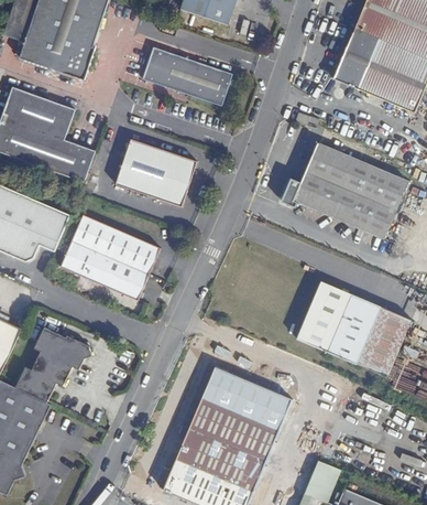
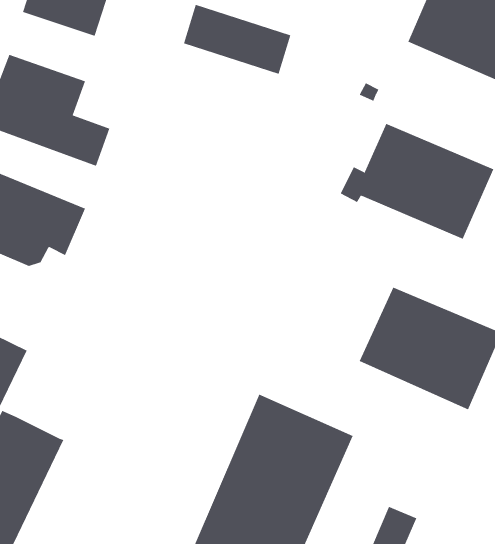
building: [114,135,195,203] -> none
building: [64,215,160,298] -> none
building: [15,326,94,401] -> none

